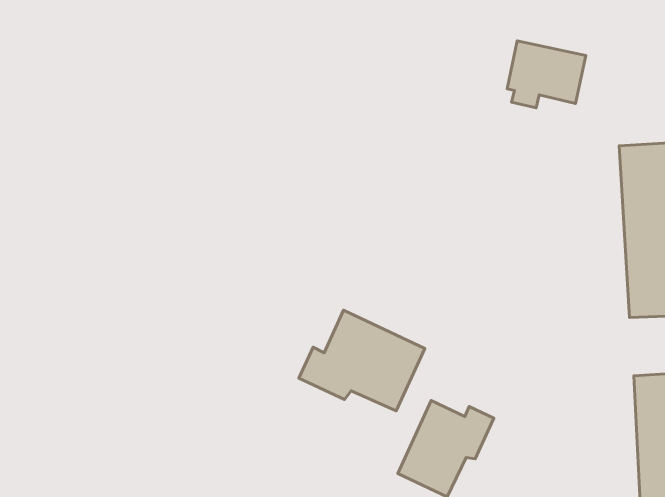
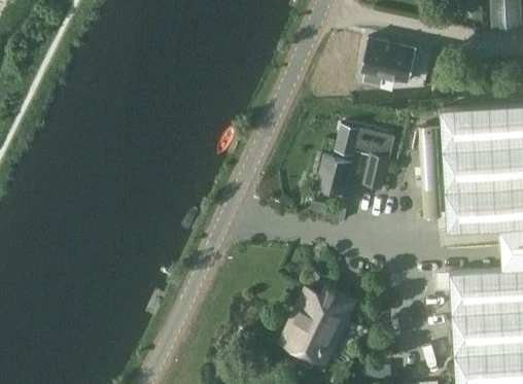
building: none -> [317,128,394,195]
building: [299,310,425,411] -> none

